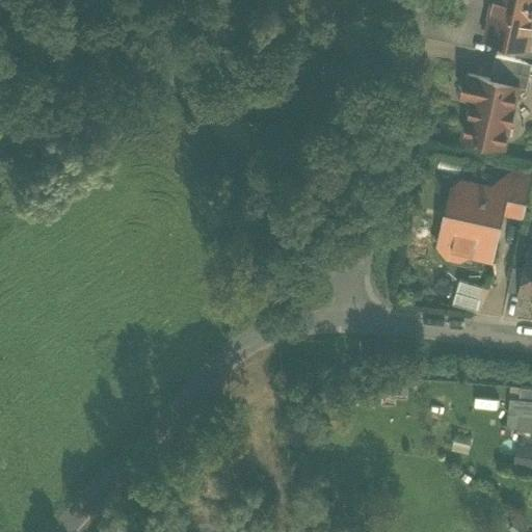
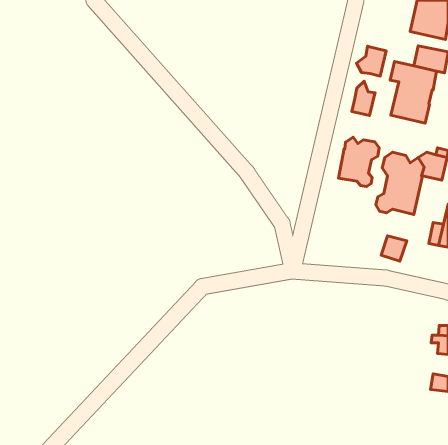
building: none -> [356,46,386,76]
building: none -> [352,81,375,116]
building: none -> [339,137,379,187]

